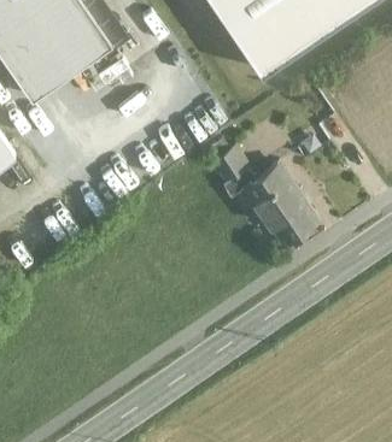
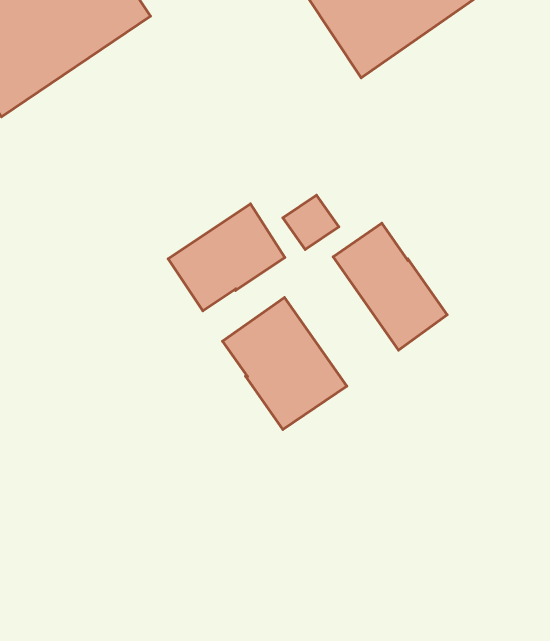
building: none -> [168,204,285,311]
building: none -> [223,297,347,430]

